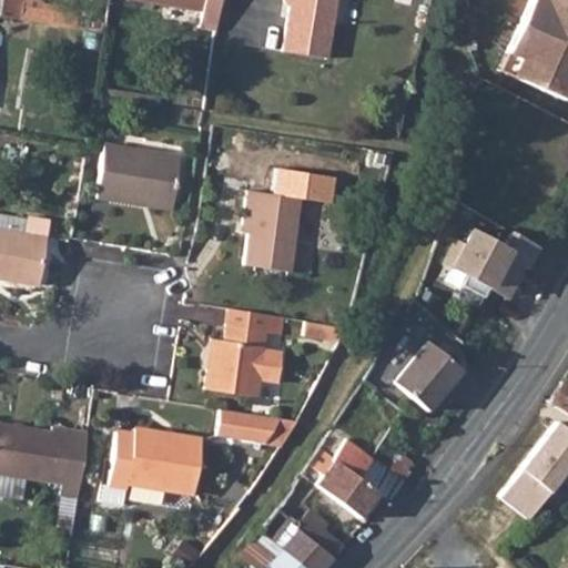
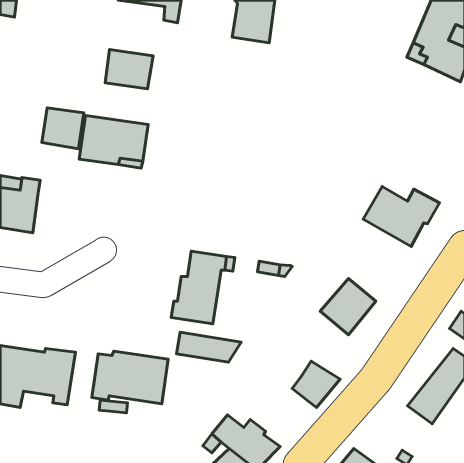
building: none -> [105,50,153,89]
building: none -> [42,108,84,149]
building: [247,172,334,272] -> none
building: [315,443,378,519] -> none

